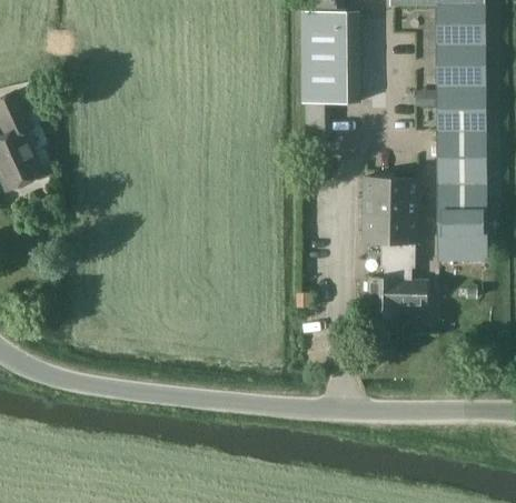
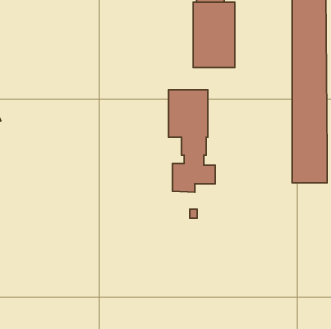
building: [363,179,426,318] -> [169,90,215,192]

